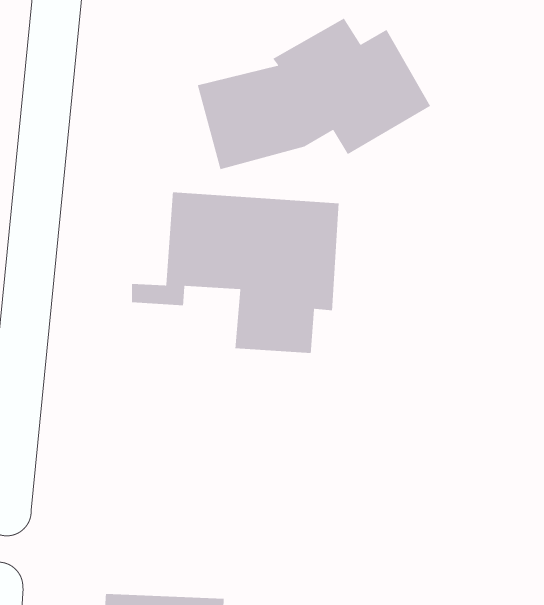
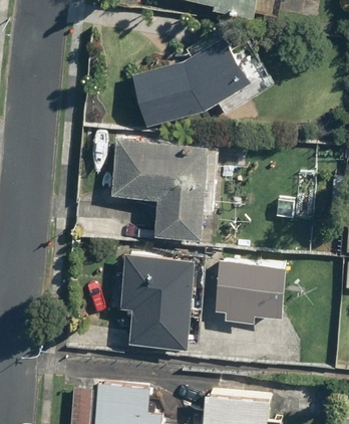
building: none -> [110,252,195,349]
building: none -> [217,260,288,325]

